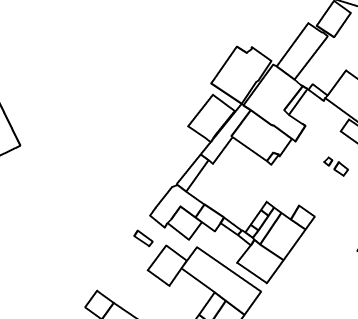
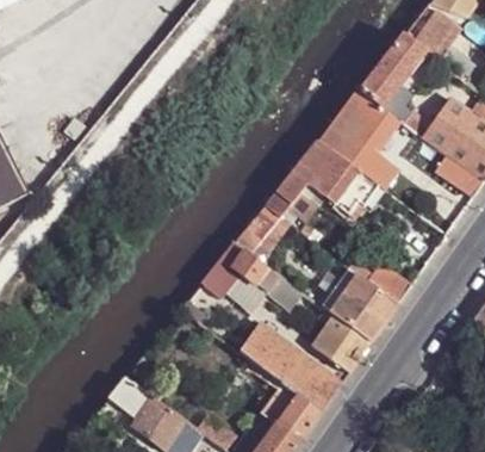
building: [211,47,271,104] -> none
building: [188,95,235,142] -> none
building: [148,246,187,286] -> none

